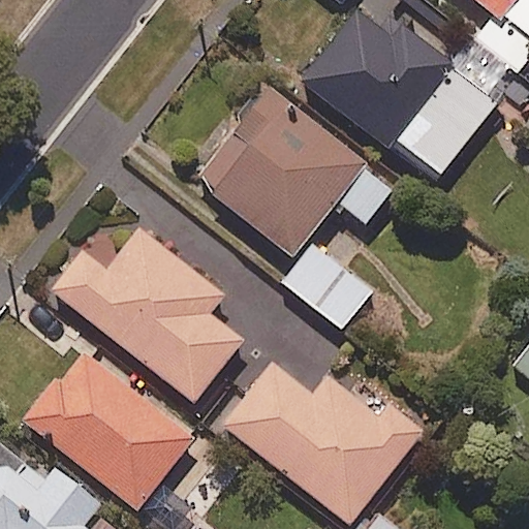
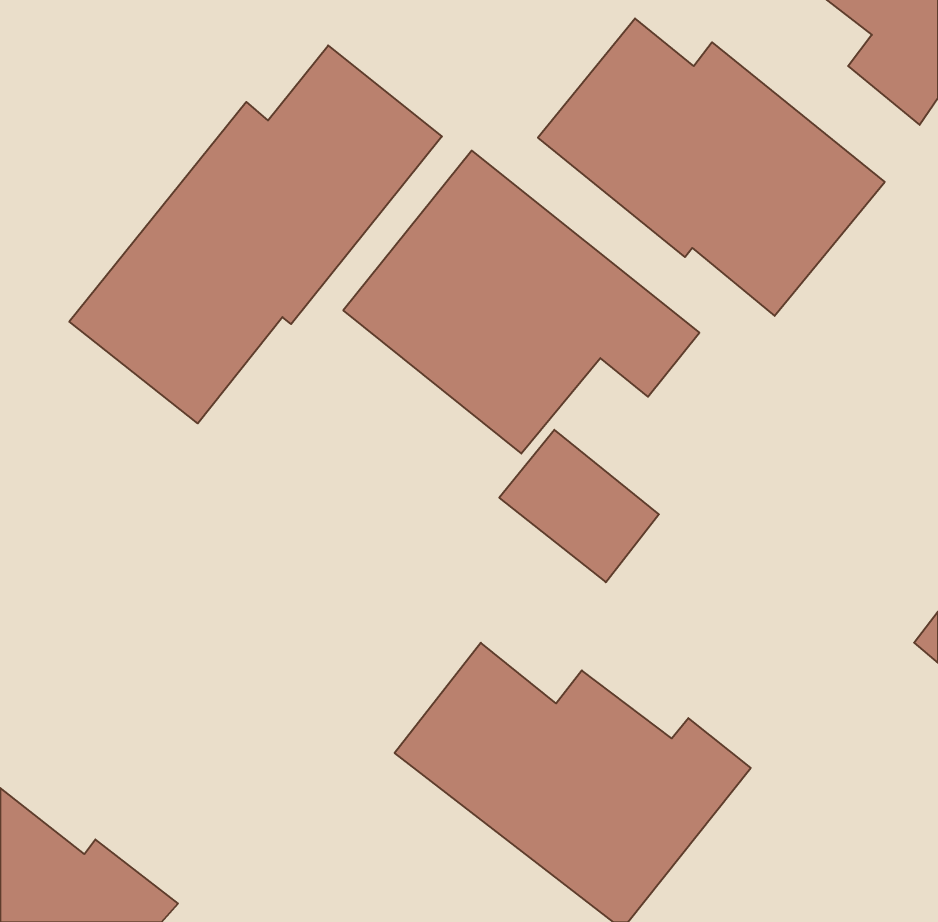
building: none -> [69,45,442,423]
building: [51,229,244,403] -> none
building: [26,350,194,510] -> none

